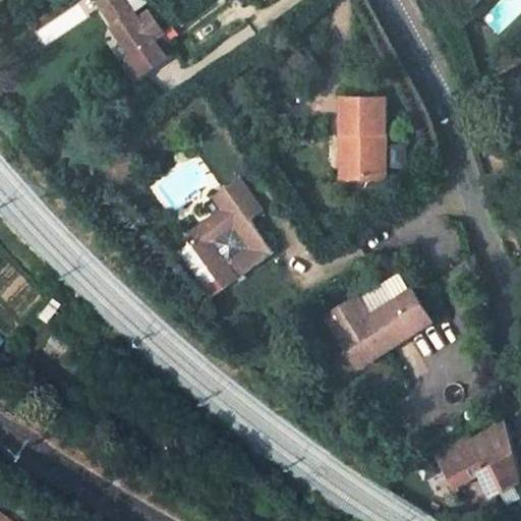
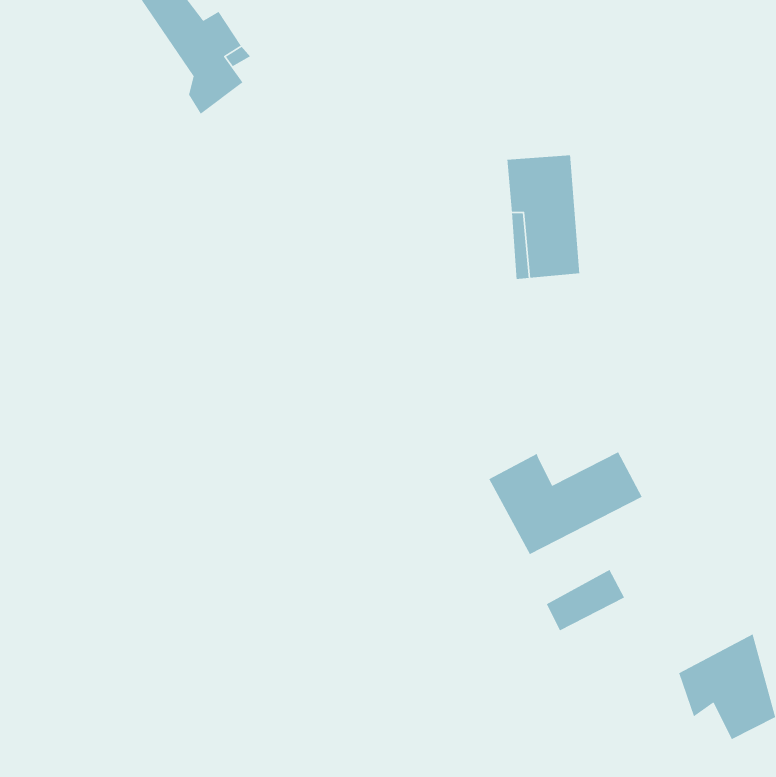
building: [183,174,270,284] -> none
building: [358,281,411,323] -> [546,569,625,632]

